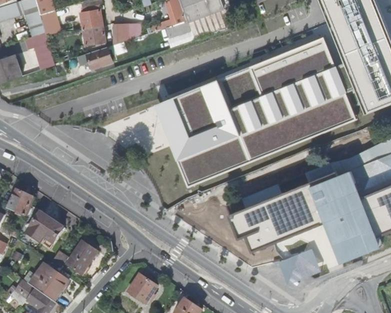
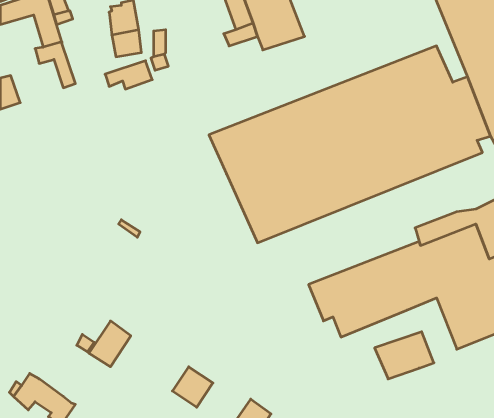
building: [8,189,36,217] -> none
building: [27,211,64,248] -> none
building: [29,263,67,301] -> none

